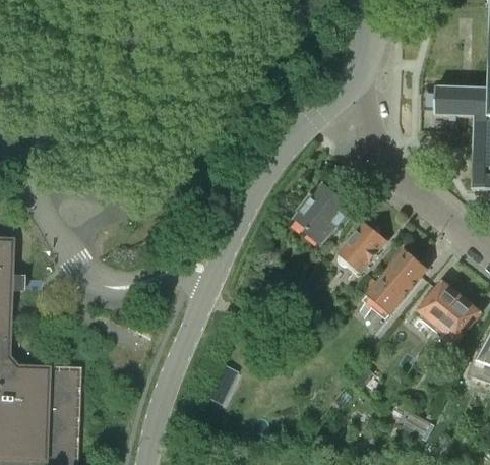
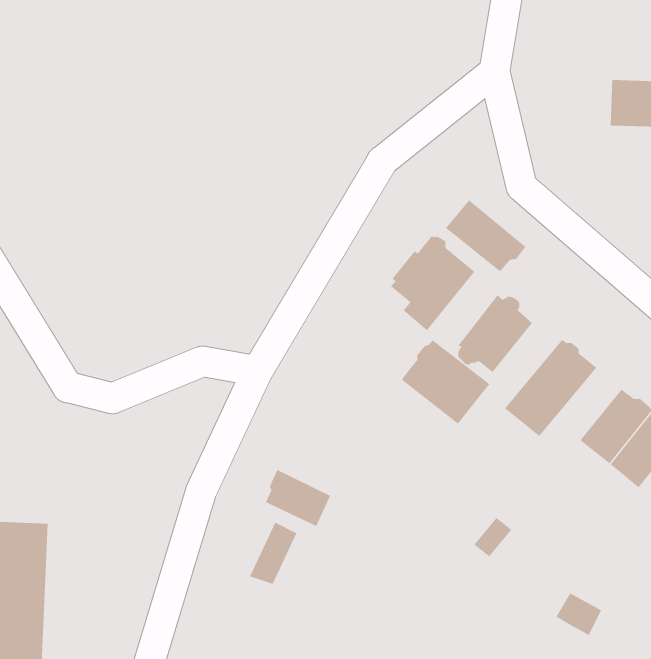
building: none -> [445,200,526,272]
building: none -> [401,339,490,424]
building: none -> [265,469,331,527]

